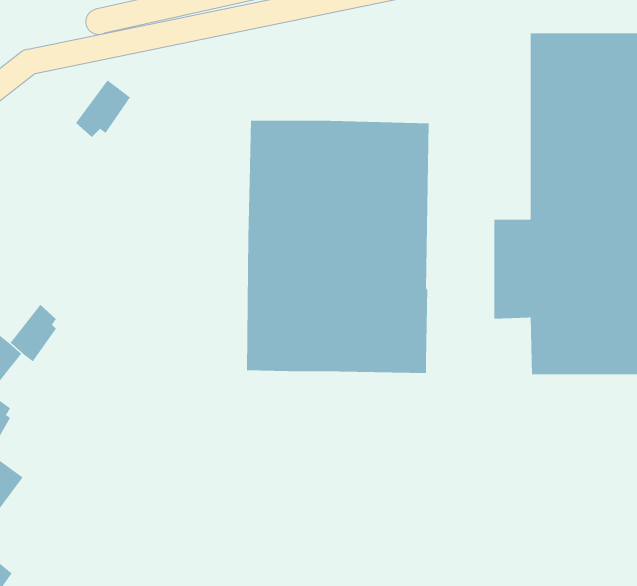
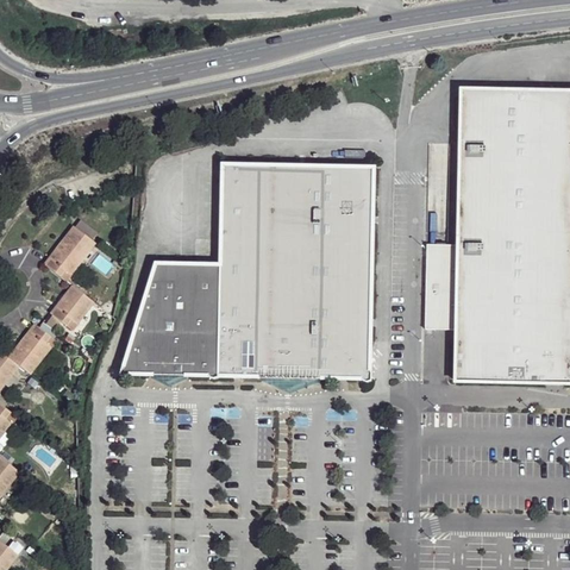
building: [75,80,131,138] -> [46,217,94,267]
building: none -> [121,263,218,377]
building: none -> [51,277,94,318]

